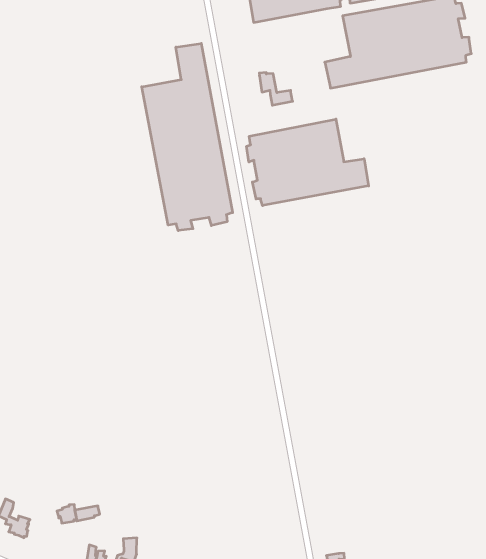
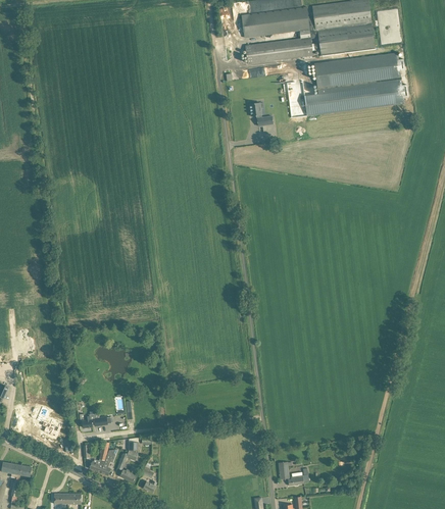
building: [142,43,233,231] -> none
building: [247,119,369,206] -> none

